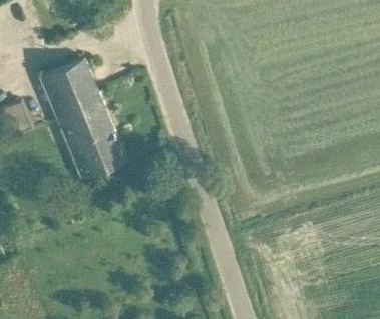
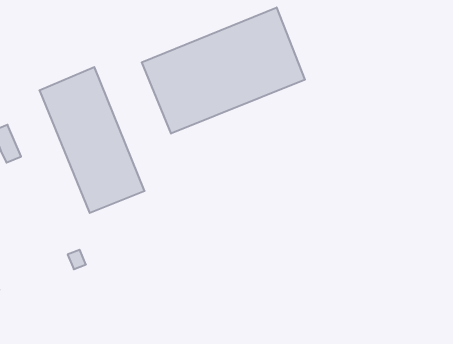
building: none -> [142,7,305,134]

